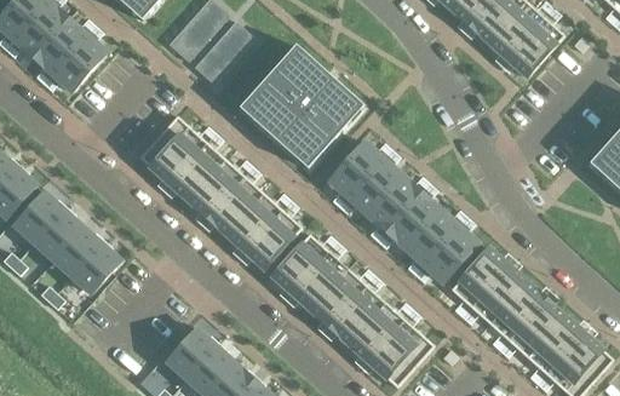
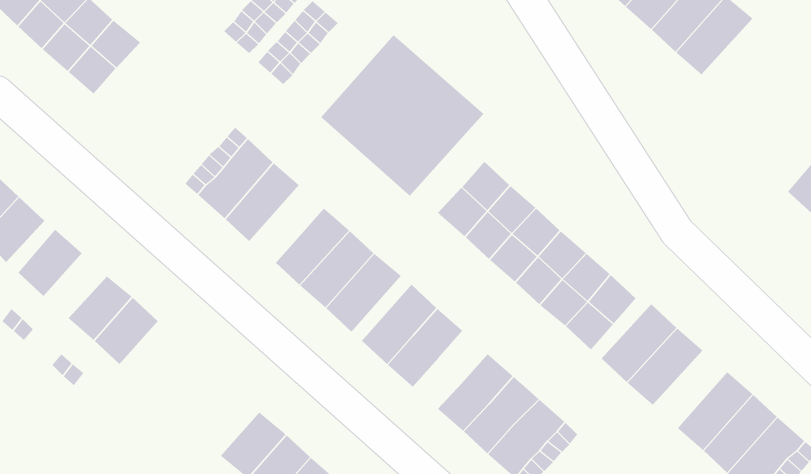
building: [188,159,243,217] -> none
building: [34,210,81,258] -> none
building: [310,268,366,326] -> none
building: [489,282,545,340] -> none

